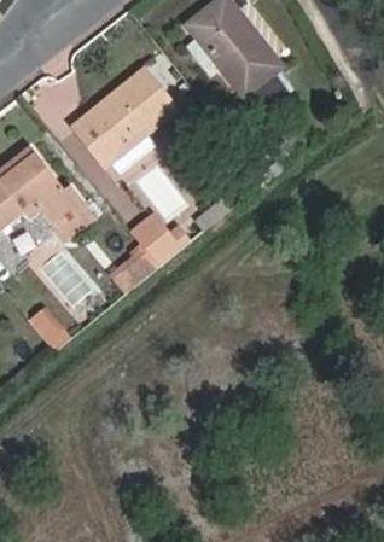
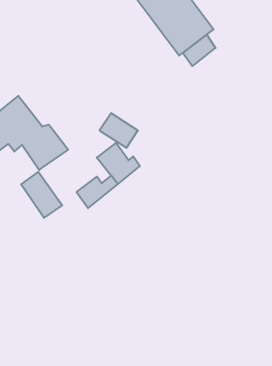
building: [72,74,178,165] -> none

